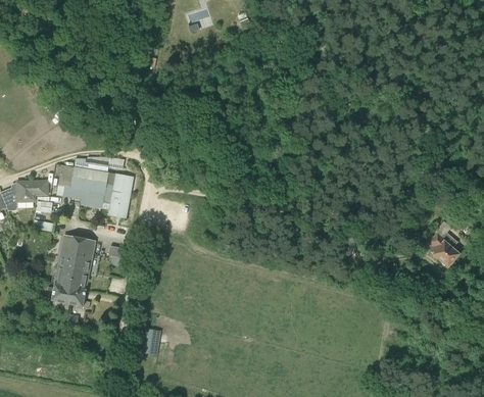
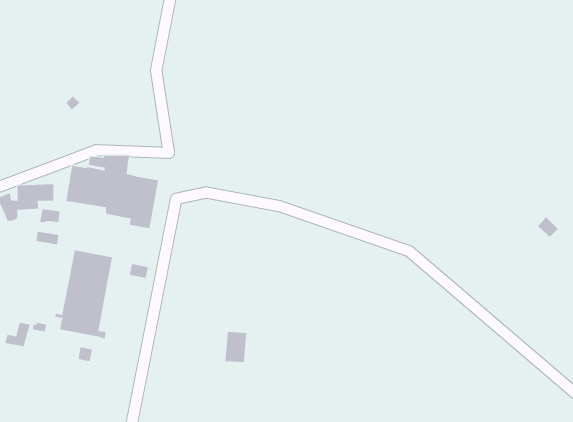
building: [428,221,458,267] -> none
building: [141,328,159,353] -> [225,331,247,363]

